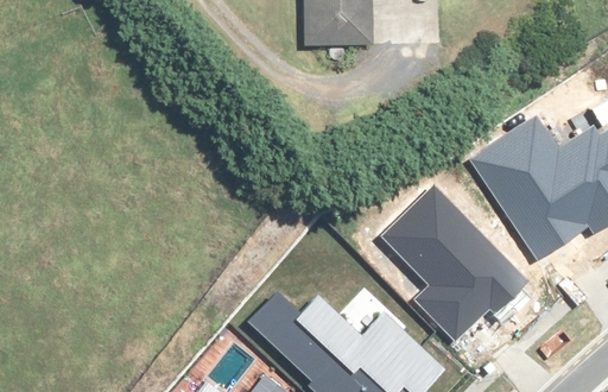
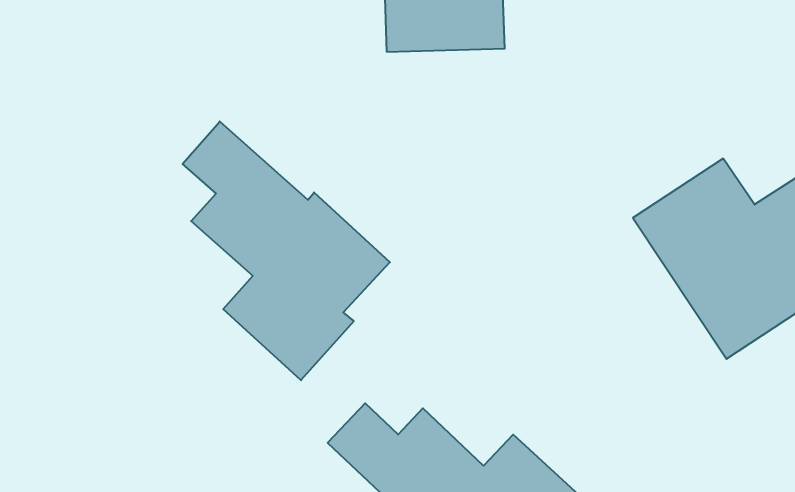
building: none -> [183,121,390,380]
building: [382,186,527,337] -> none

